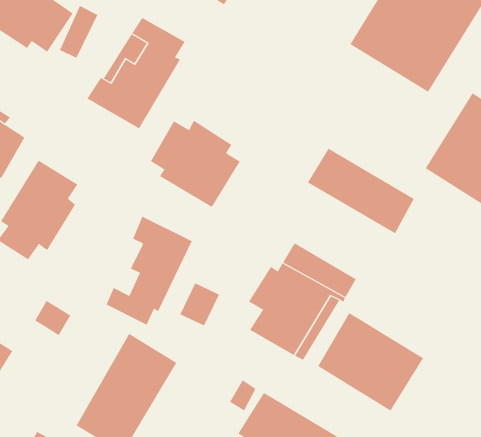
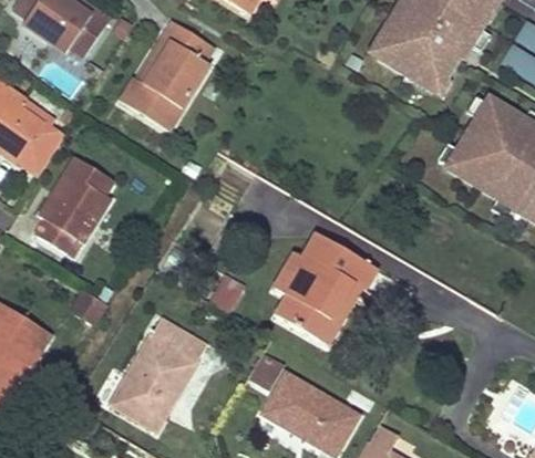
building: [150,120,240,208] -> none
building: [307,148,415,234] -> none
building: [106,216,193,326] -> none
building: [317,312,424,412] -> none

